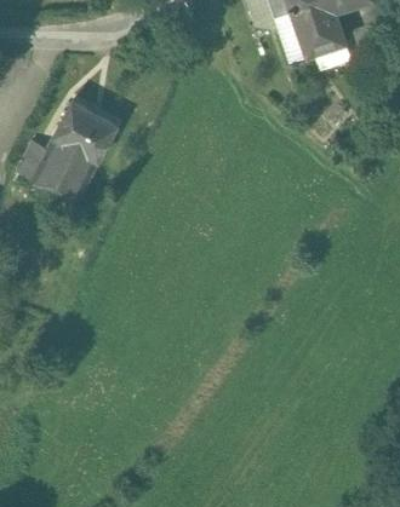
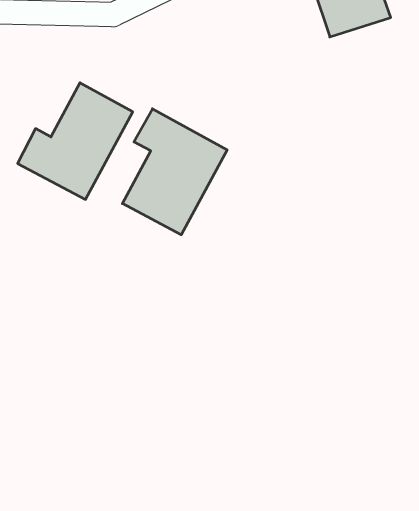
building: none -> [122,109,227,235]

